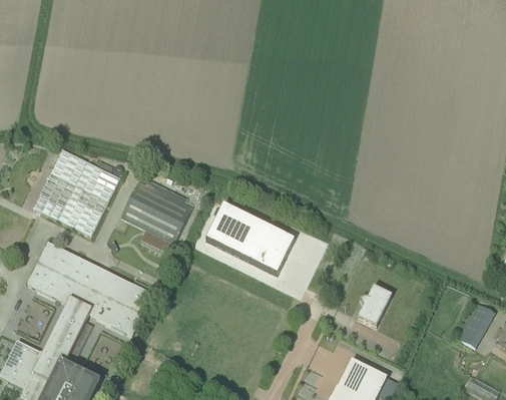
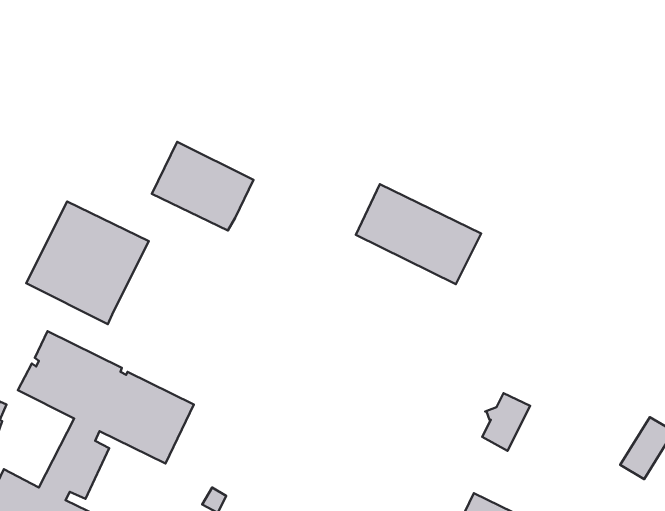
building: [120,178,192,242] -> [152,142,253,230]
building: [205,203,295,274] -> [356,184,481,284]

